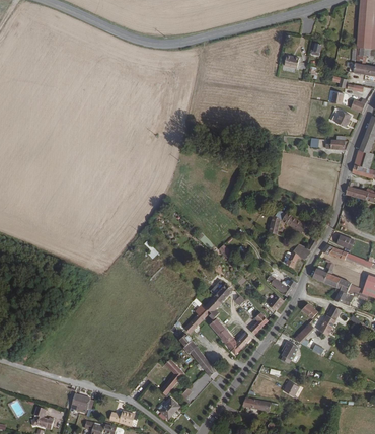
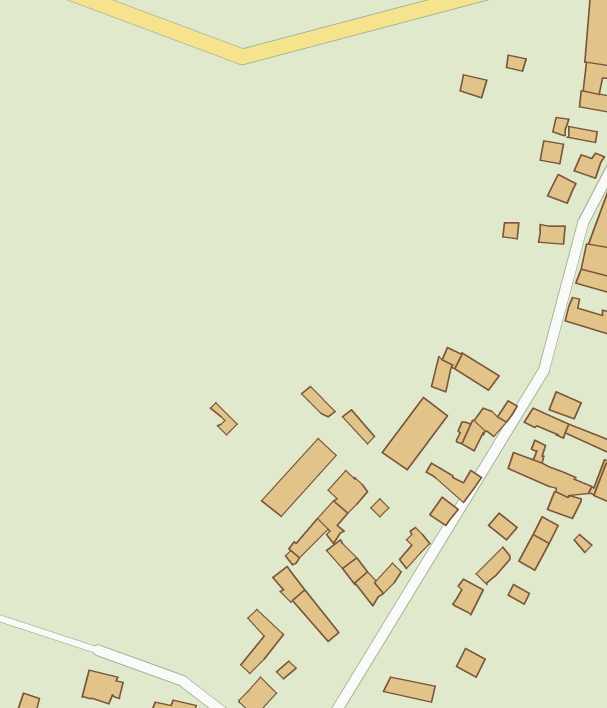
building: none -> [382,397,447,470]
building: none -> [262,439,336,516]

